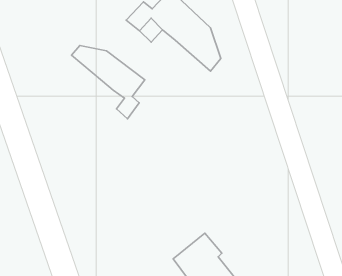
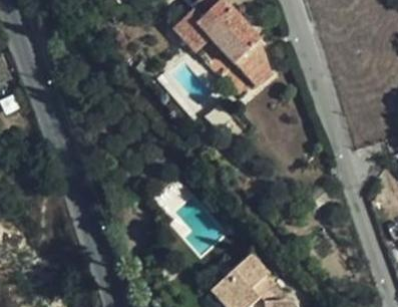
building: [72,45,145,119] -> none

